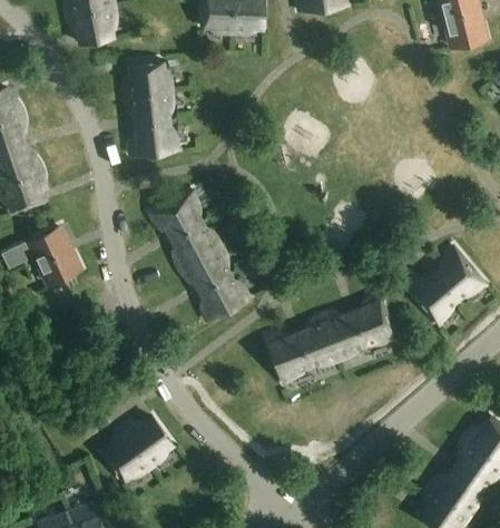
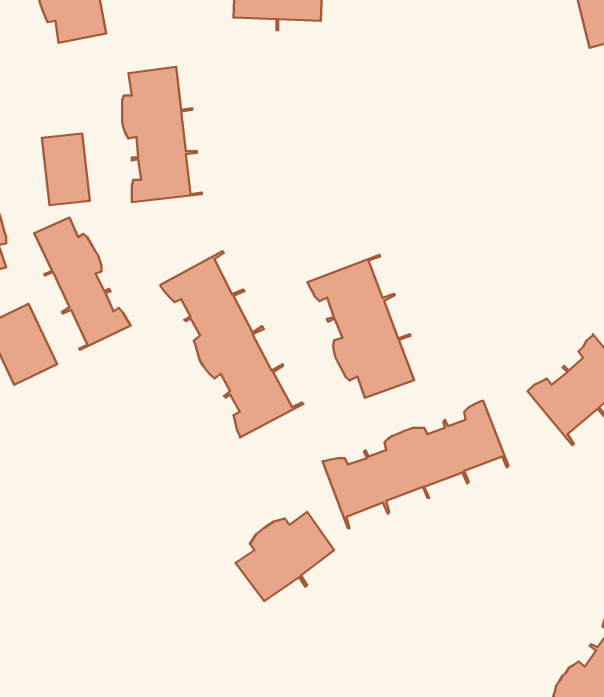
building: none -> [42,134,90,205]
building: none -> [34,217,131,350]
building: none -> [307,255,414,398]
building: [105,419,174,481] -> [236,512,334,601]

